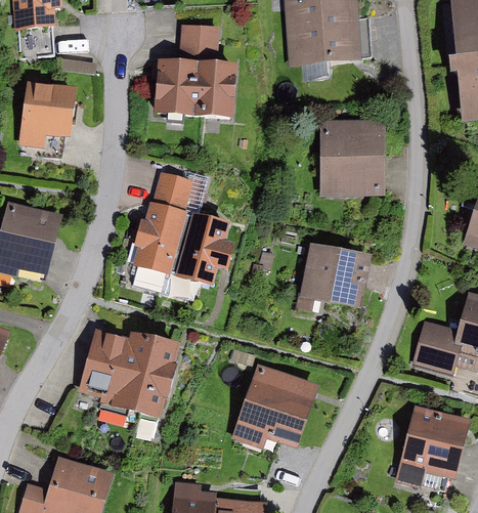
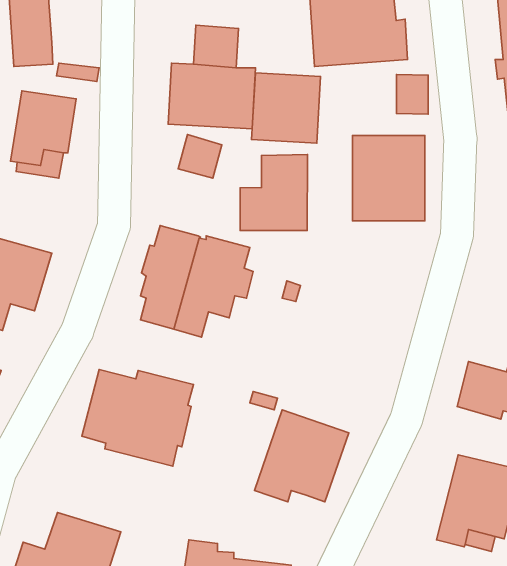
building: none -> [252,73,320,143]
building: none -> [397,74,428,114]
building: none -> [240,155,308,230]
building: [154,172,192,211] -> [178,134,222,178]
building: [296,242,372,312] -> none

